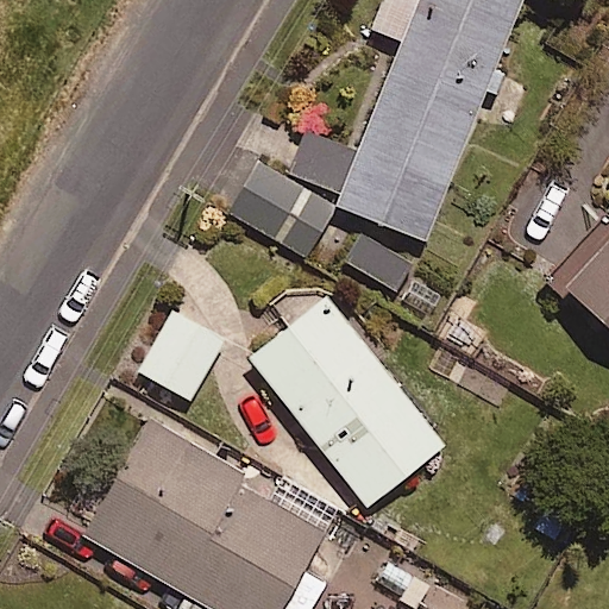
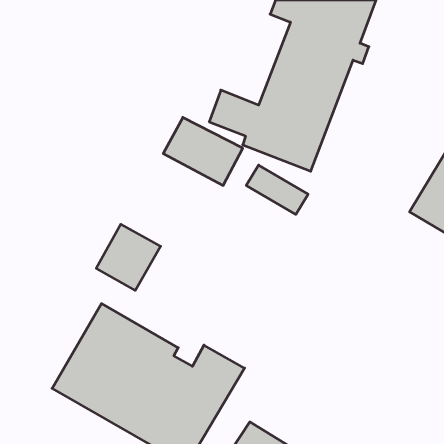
building: [249,296,444,506] -> none

